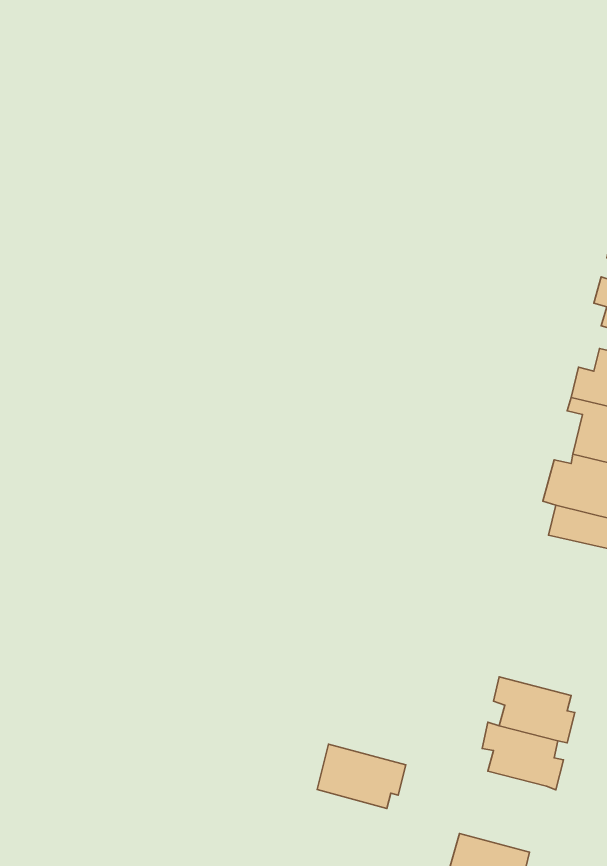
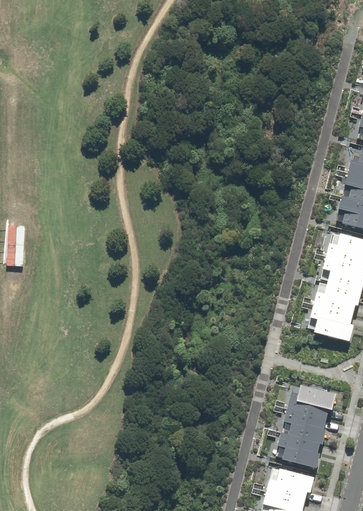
building: none -> [288,384,336,417]
building: [317,744,406,808] -> [267,466,314,500]

